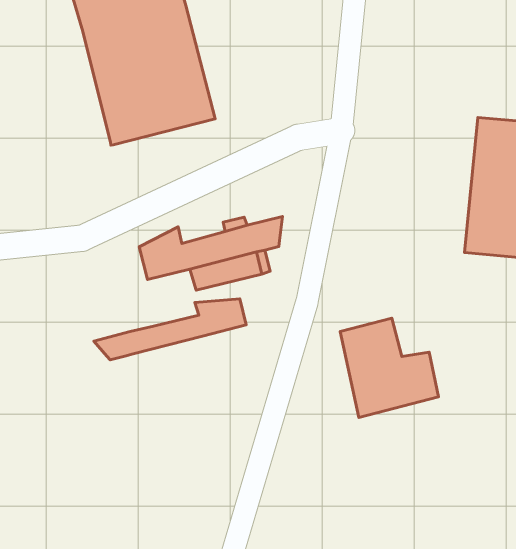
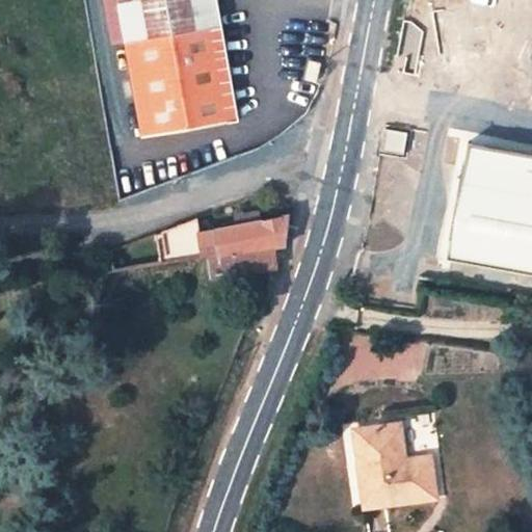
building: [94,299,246,360] -> none
building: [340,318,439,417] -> [356,423,437,507]

